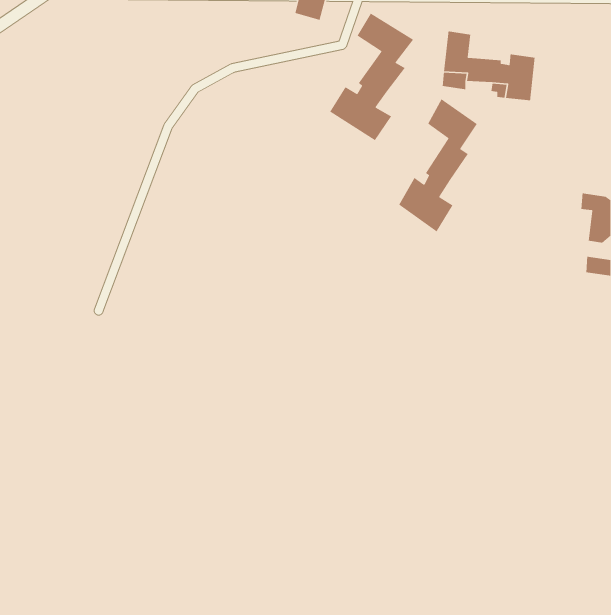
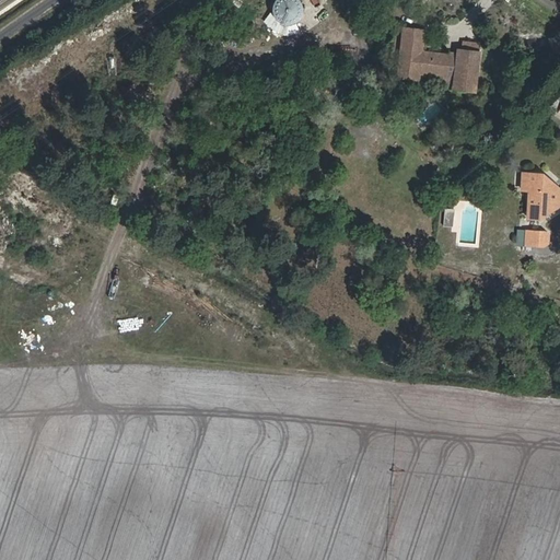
building: [329,12,414,141] -> none
building: [398,98,478,232] -> none

